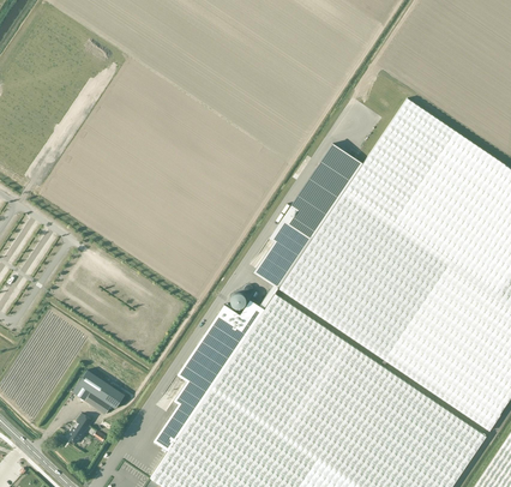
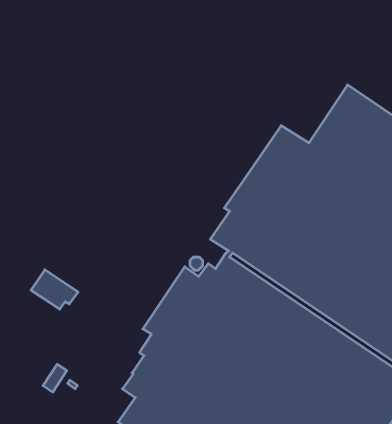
building: [74,371,127,415] -> [31,270,78,309]

